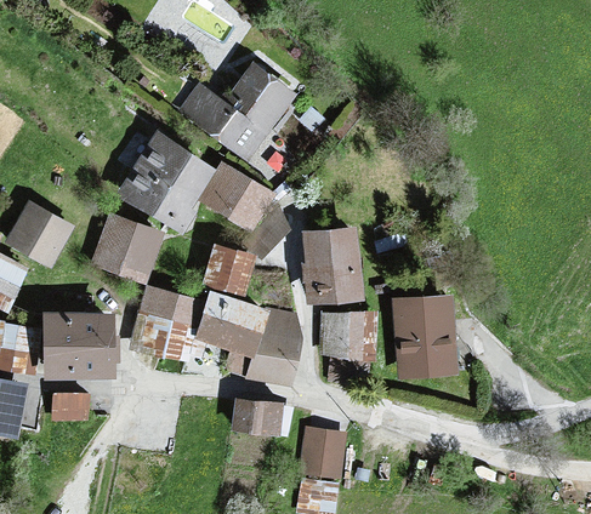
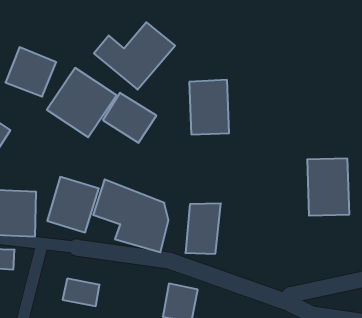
building: [90,213,160,281] -> [5,47,56,97]
building: [302,224,363,304] -> [189,80,229,134]
building: [200,241,256,293] -> none
building: [391,296,455,379] -> [307,159,349,216]
building: [229,396,280,433] -> [63,279,100,306]

